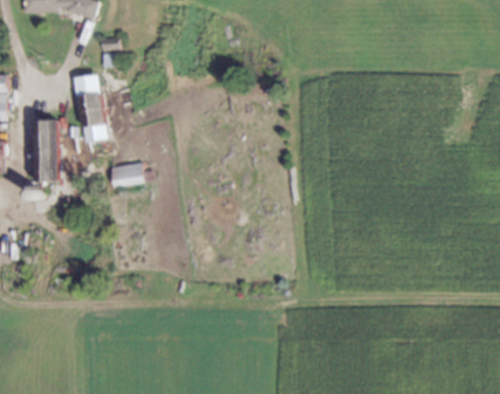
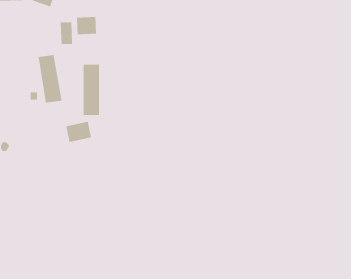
building: none -> [77,16,96,35]
building: [37,116,58,181] -> [83,64,100,116]

